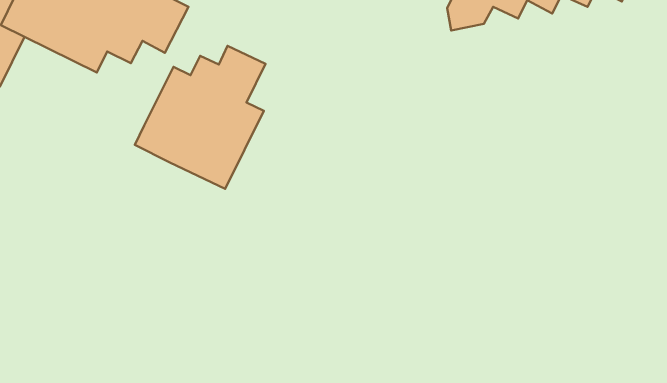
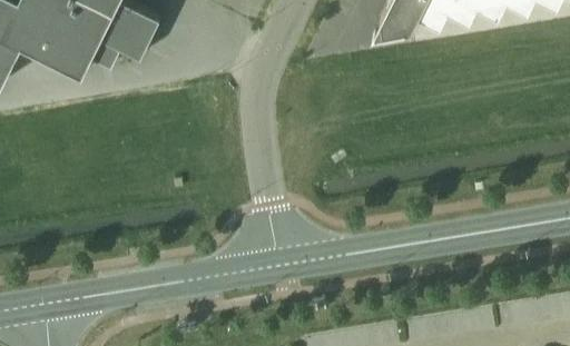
building: [135,46,265,189] -> none

